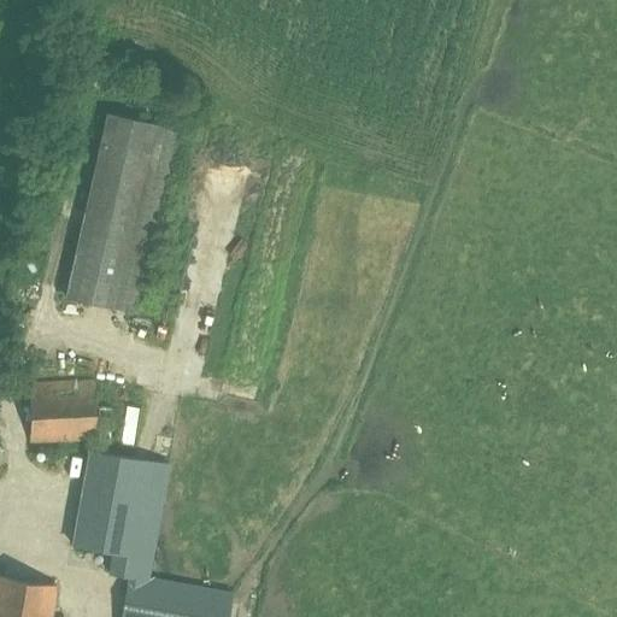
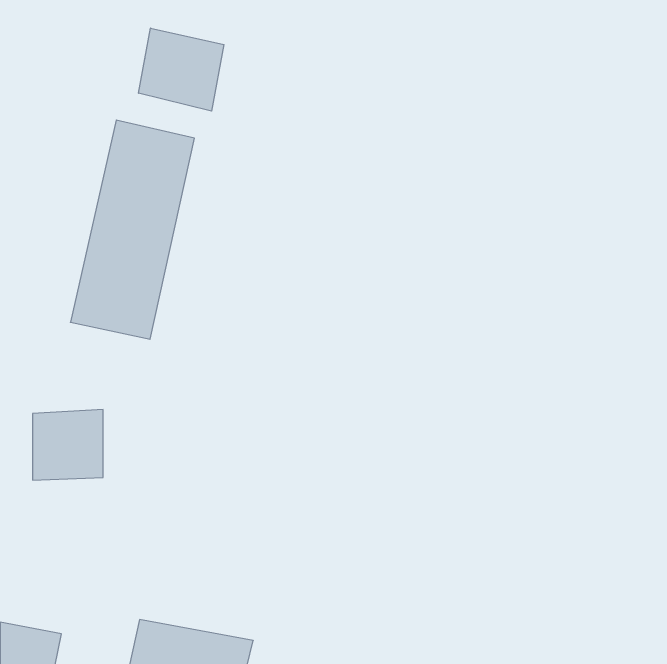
building: none -> [139,28,224,111]
building: [71,451,171,562] -> none

